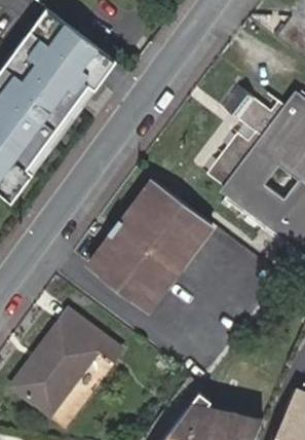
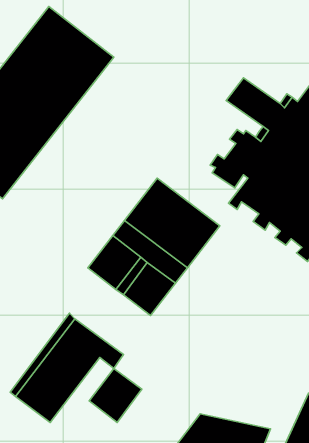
building: none -> [89,368,142,423]

